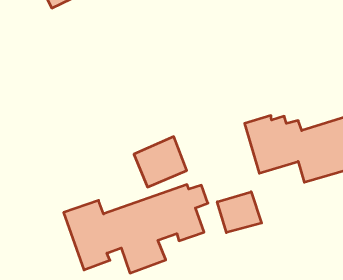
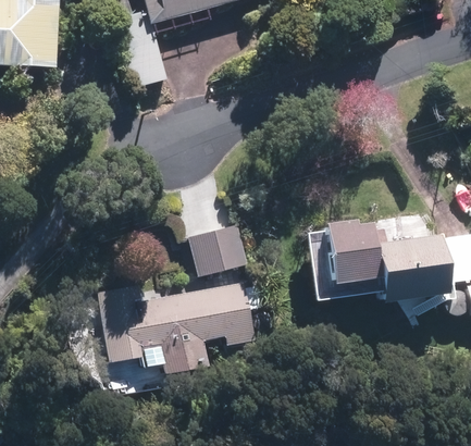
building: [217,192,262,233] -> none

